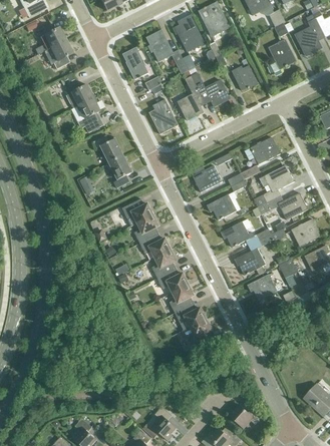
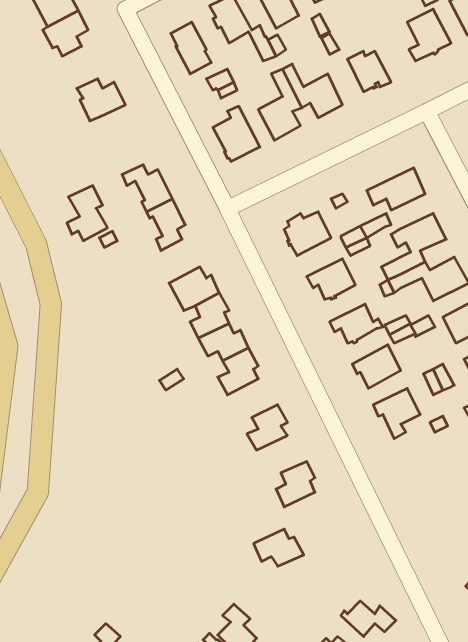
building: [78,98,103,132] -> [67,186,107,241]
building: [157,268,189,292] -> none
building: [176,303,207,326] -> [254,529,304,566]

